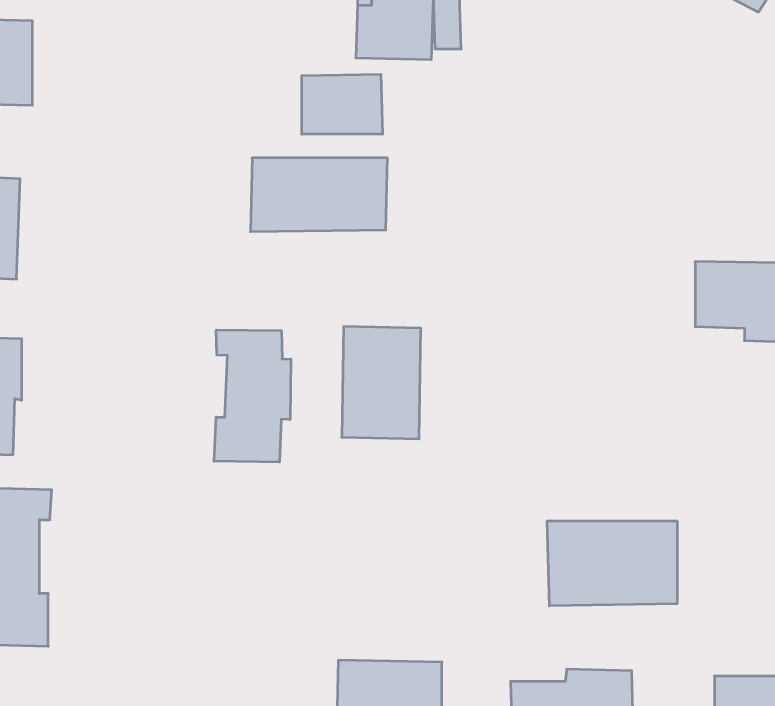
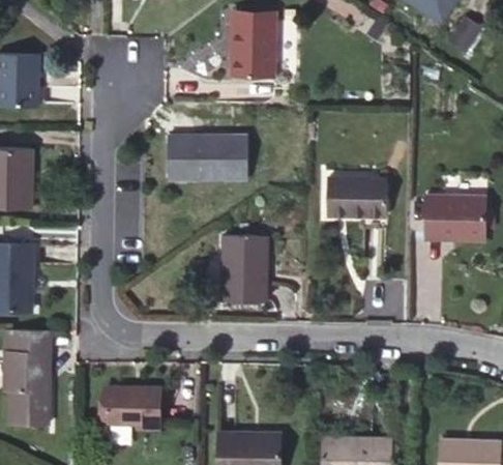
building: [302,74,382,134] -> none
building: none -> [328,178,387,216]
building: [214,330,291,462] -> none
building: [547,521,677,606] -> none
building: none -> [102,385,157,430]

